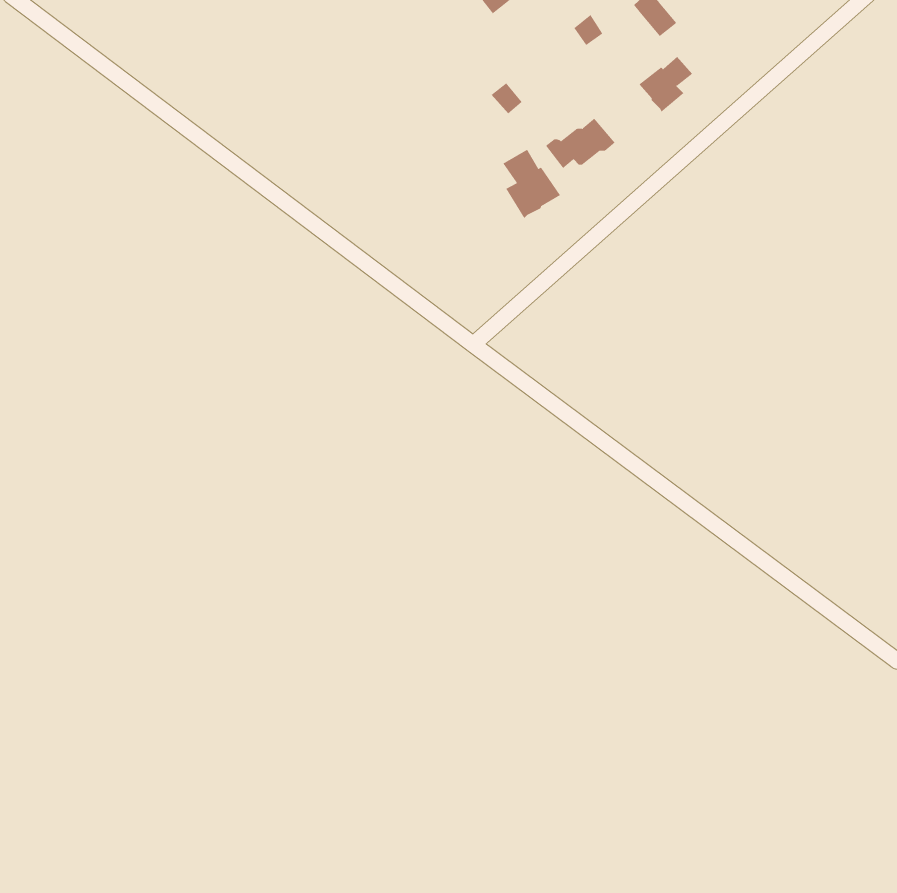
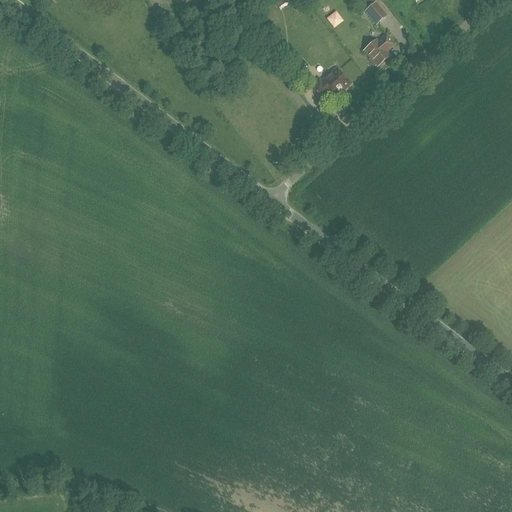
building: [503,149,561,219] -> none

